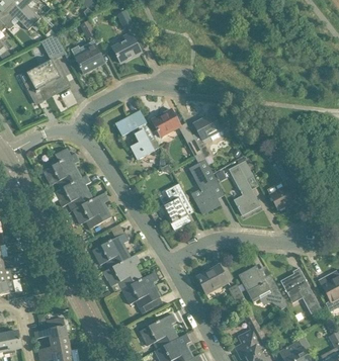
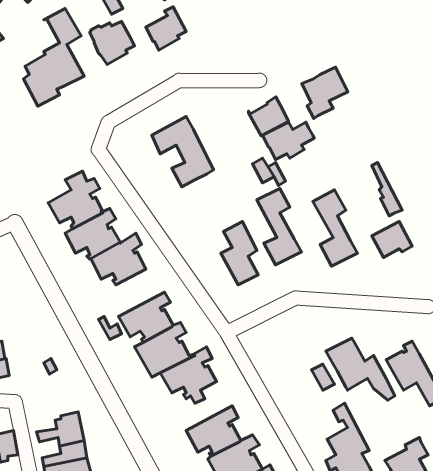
building: none -> [302,67,348,118]
building: [151,108,179,136] -> [248,97,289,136]
building: [195,264,227,293] -> none

